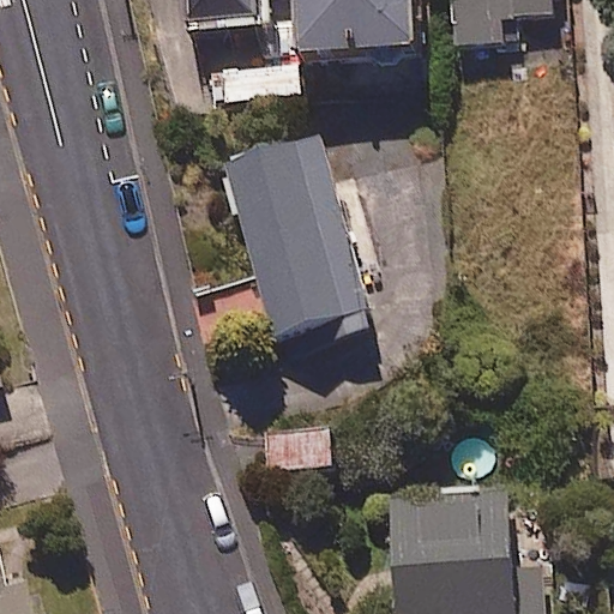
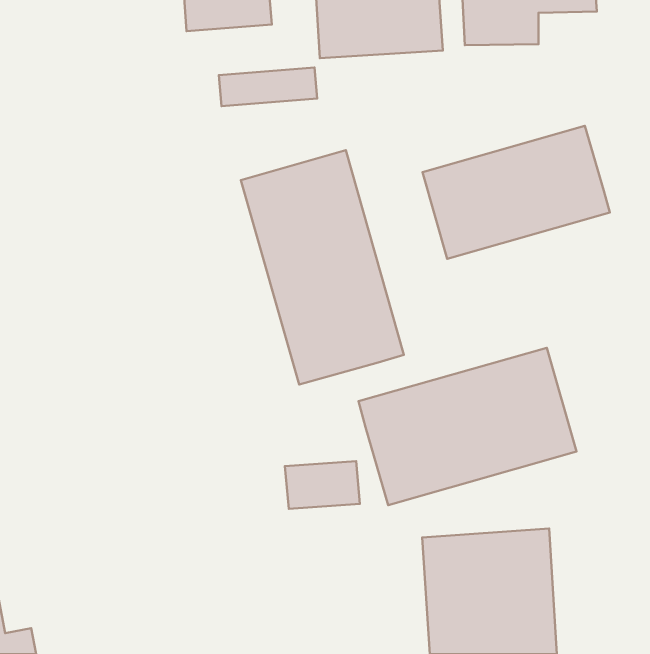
building: none -> [422,126,610,259]
building: none -> [359,348,576,505]

